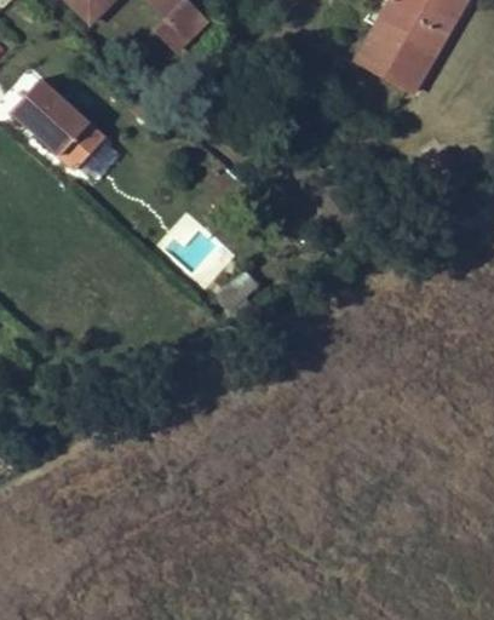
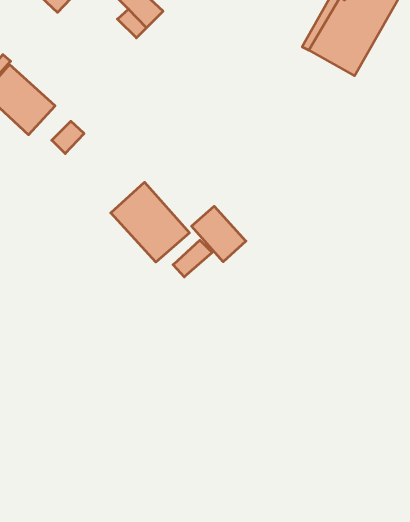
building: none -> [111,182,189,262]
building: none -> [192,206,246,262]

